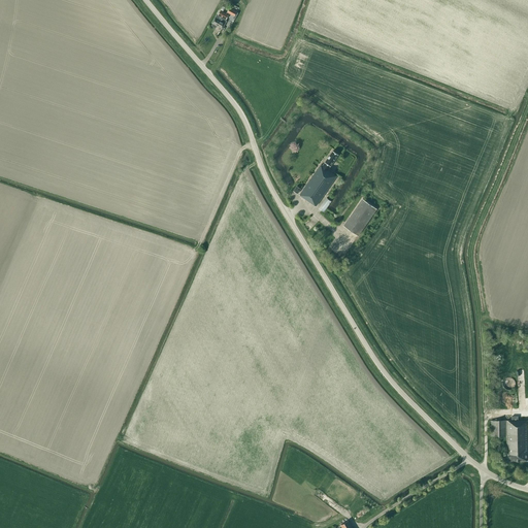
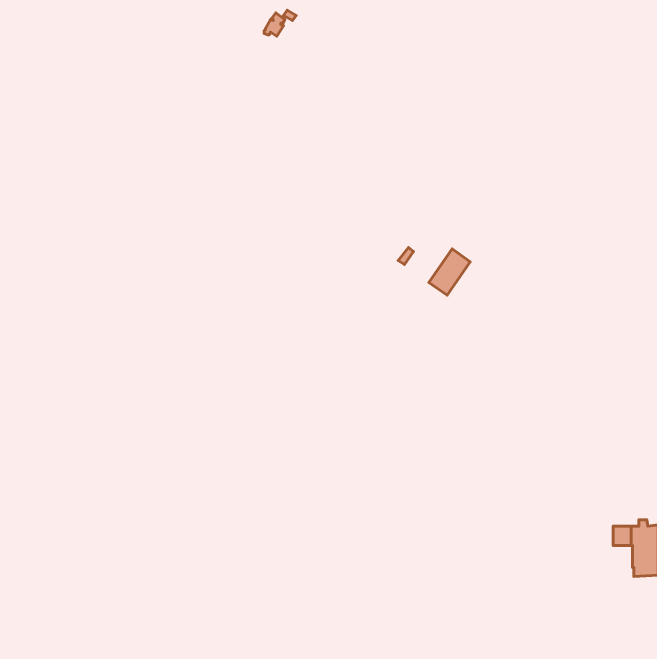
building: [300,151,339,206] -> none

